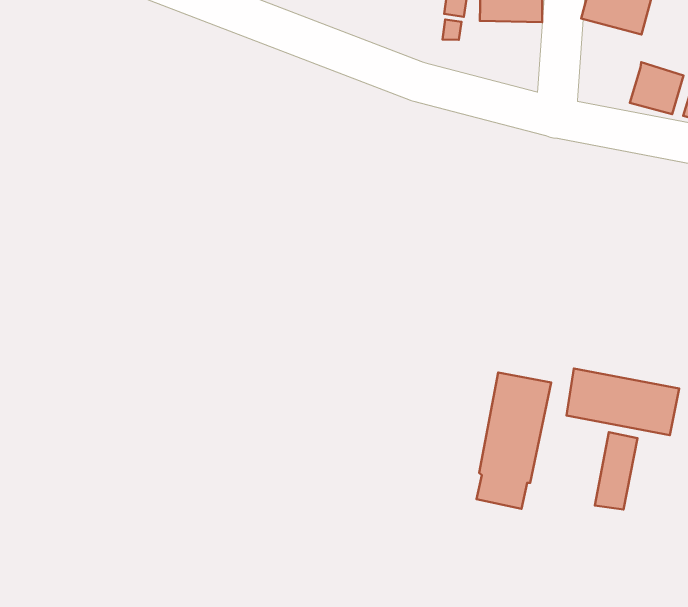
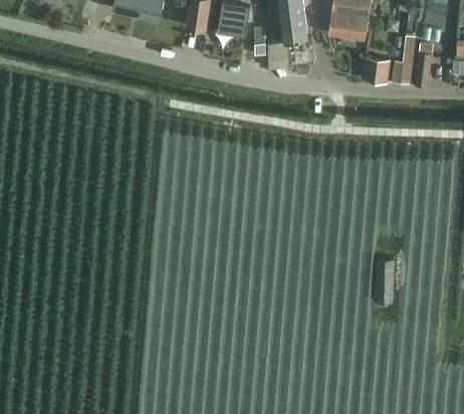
building: [567,368,679,435] -> none
building: [476,373,551,509] -> none

